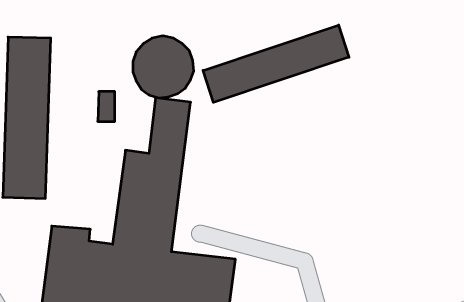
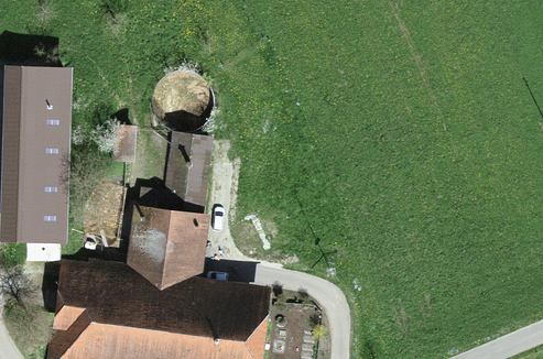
building: [203,25,349,102] -> none

